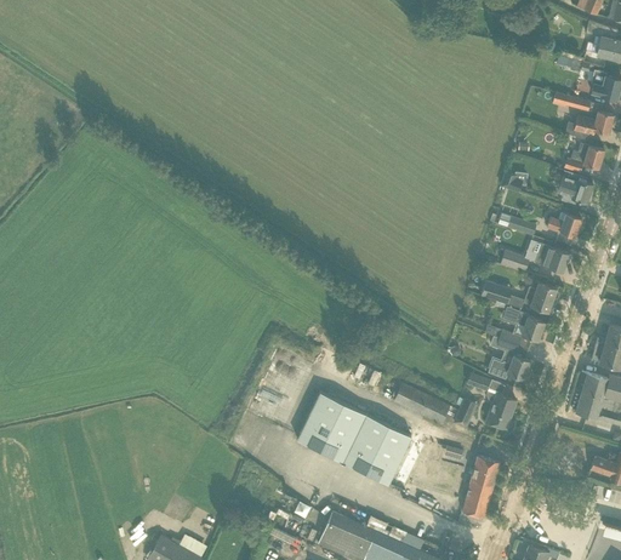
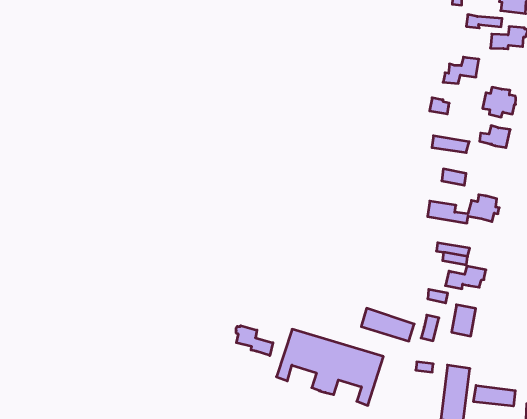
building: [563,147,604,173] -> [443,57,479,83]
building: [534,245,570,274] -> none
building: [502,308,543,342] -> none
building: none -> [236,326,273,356]
building: none -> [474,385,515,406]

